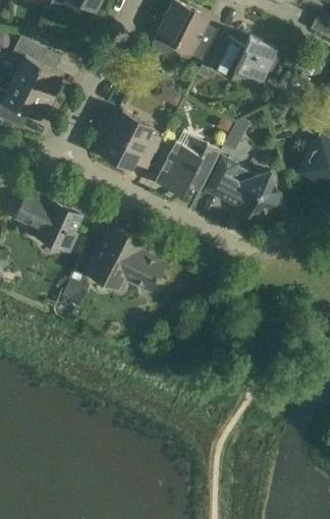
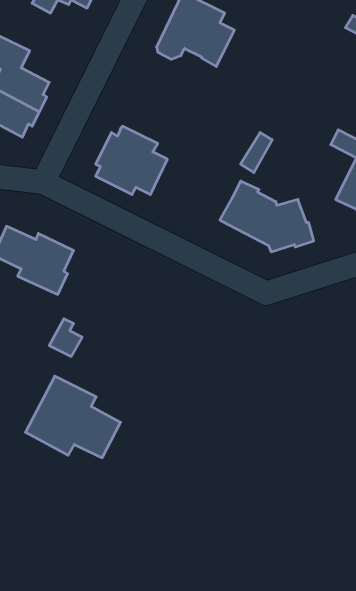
building: [213,37,279,82] -> none
building: [156,140,221,194] -> none
building: [87,224,166,292] -> [25,376,121,458]

